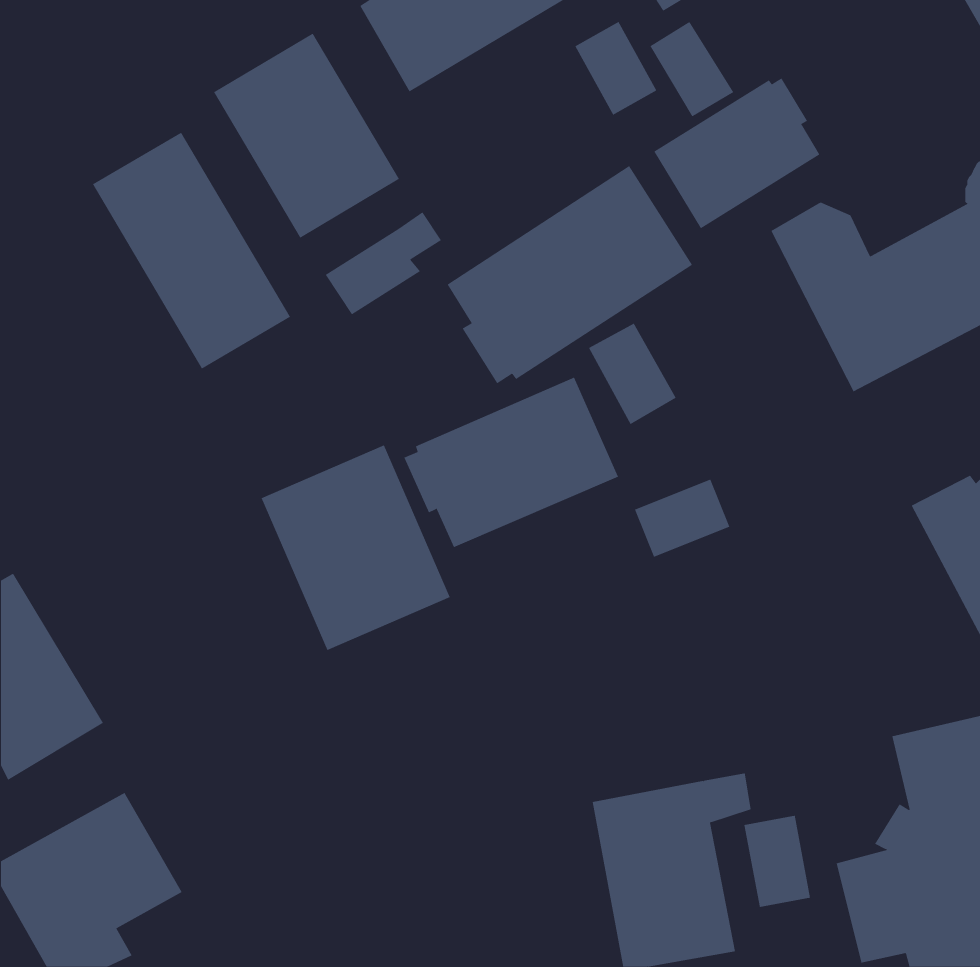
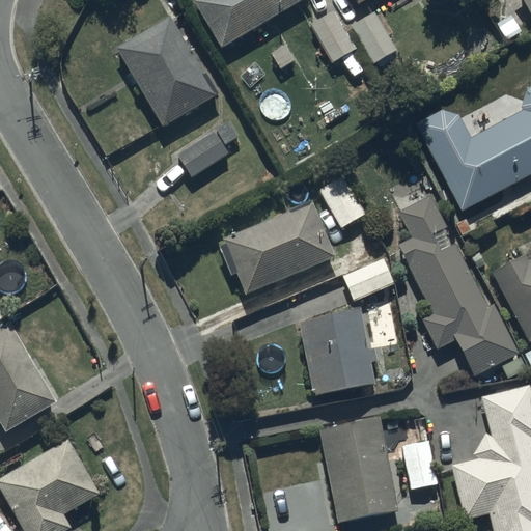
building: [653,78,820,229] -> none
building: [92,132,291,369] -> none
building: [447,165,693,384] -> none
building: none -> [398,195,526,378]
building: [261,445,450,651] -> none
building: none -> [300,310,379,398]

